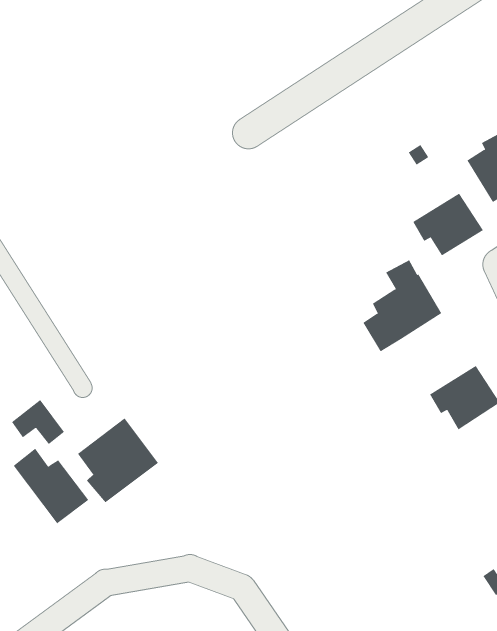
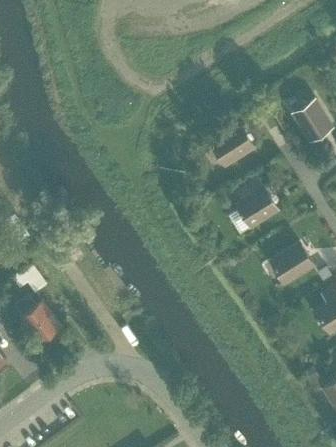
building: [412,193,484,256] -> [210,125,254,164]
building: [77,417,159,503] -> none

